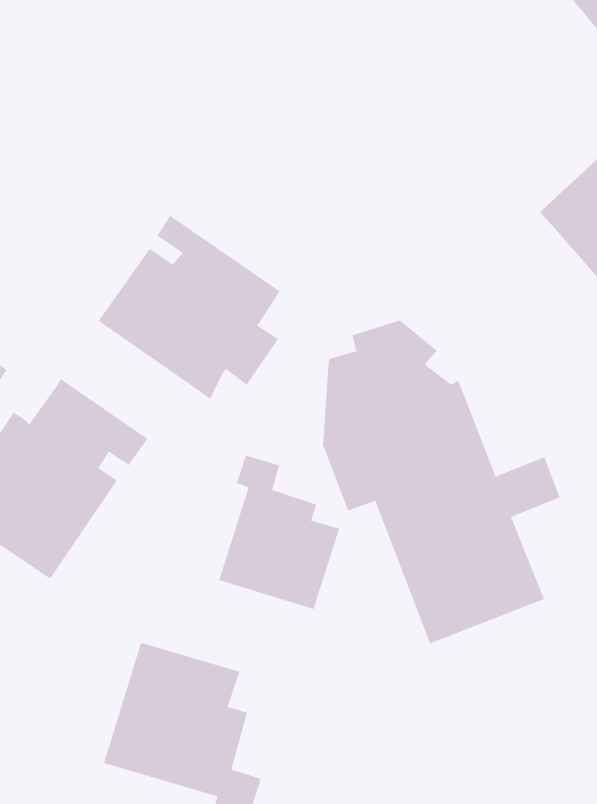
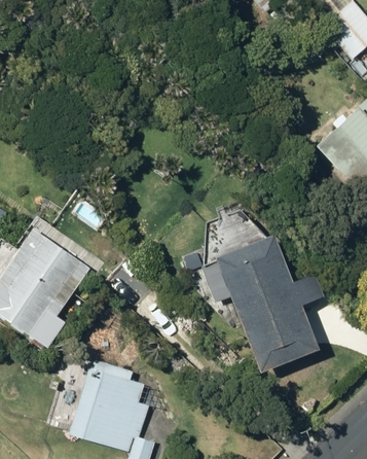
building: [98,215,281,400] -> none
building: [218,455,340,610] -> none

